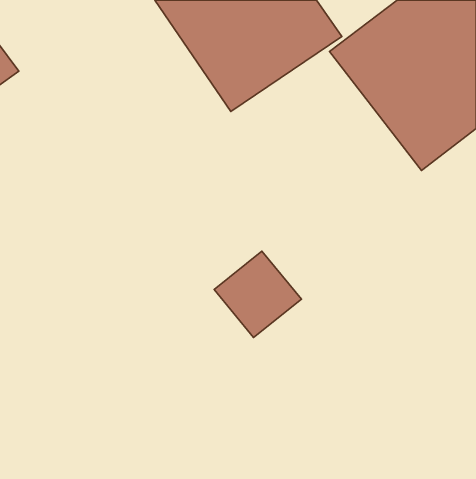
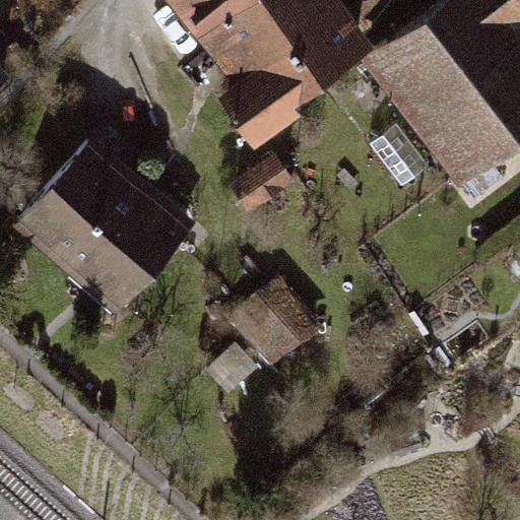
building: none -> [17,137,199,316]

